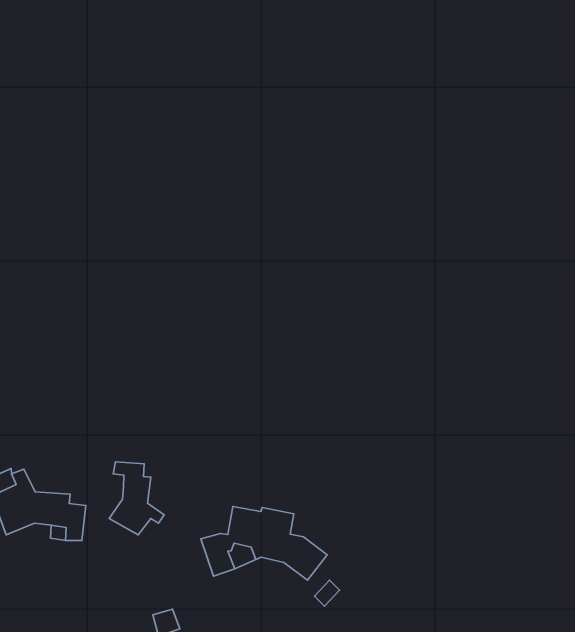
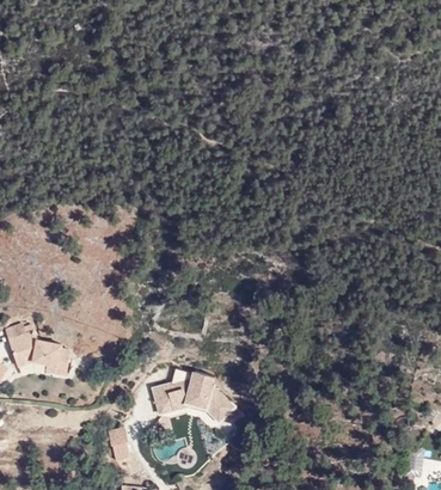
building: [109,462,164,535] -> none

